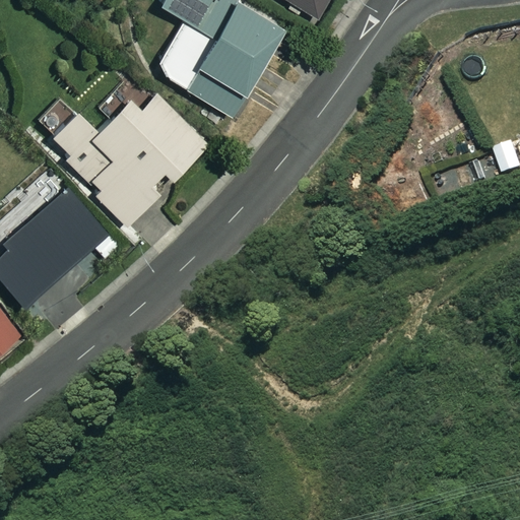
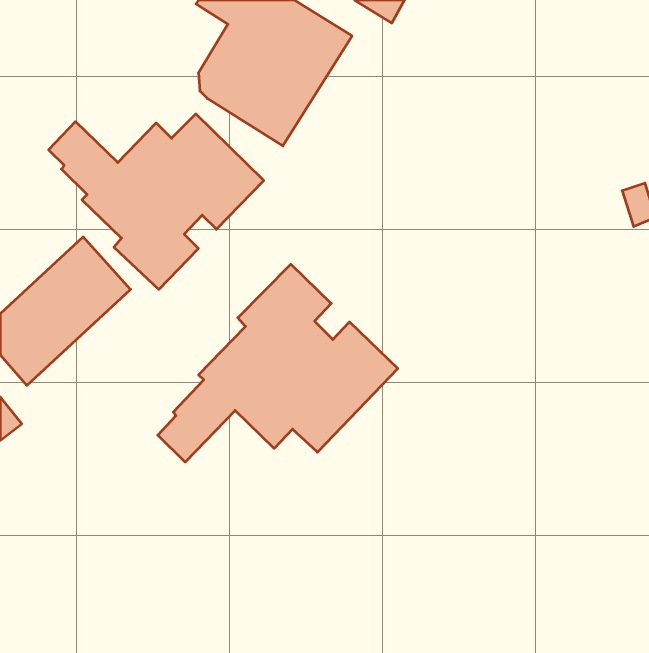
building: none -> [158,264,398,462]

